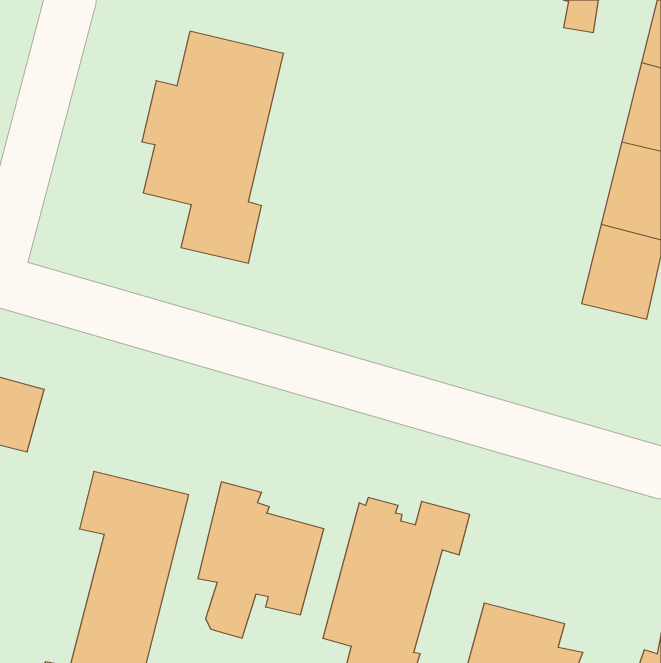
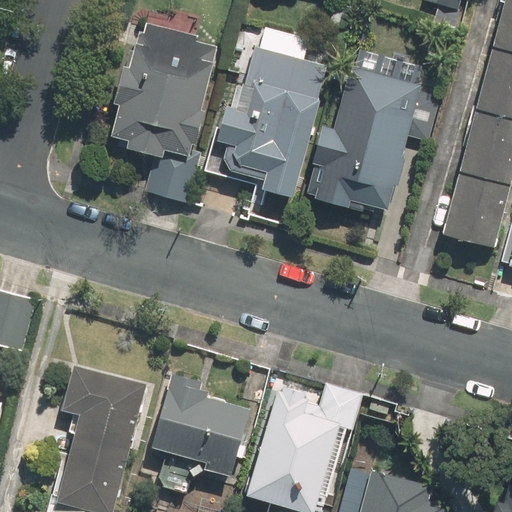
building: none -> [215,26,328,201]
building: none -> [301,64,442,214]

